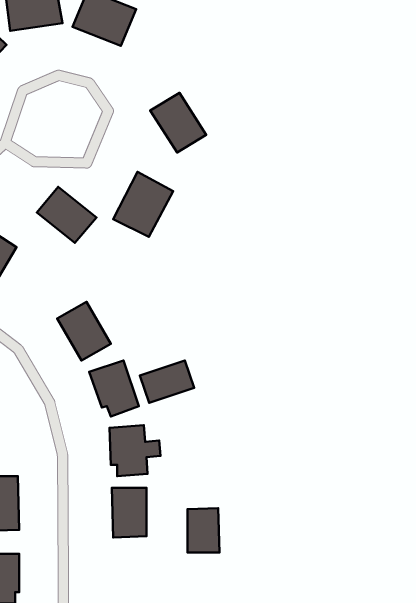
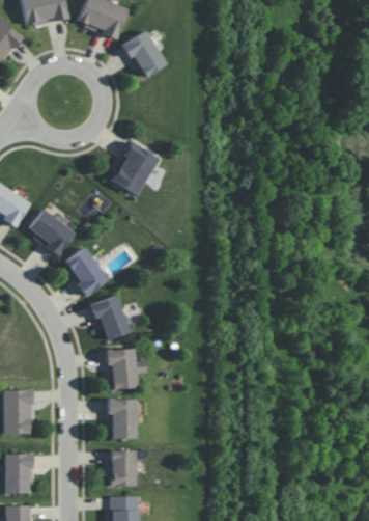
building: [150,93,206,153] -> [121,30,167,79]
building: [37,187,96,243] -> [26,209,75,254]
building: [140,360,194,403] -> none
building: [188,508,219,553] -> [110,449,136,486]

